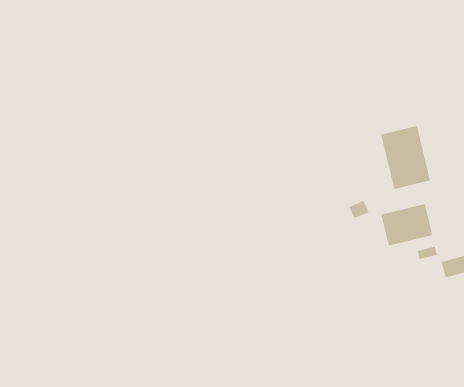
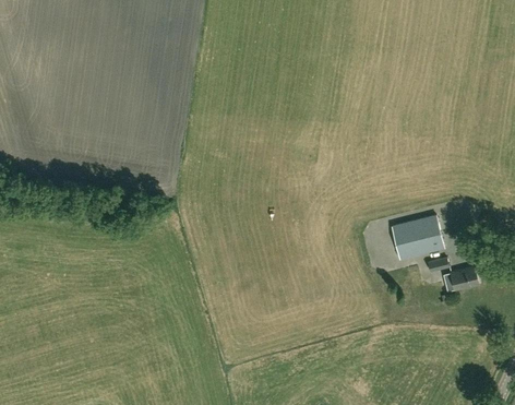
building: [380,125,431,190] -> none

